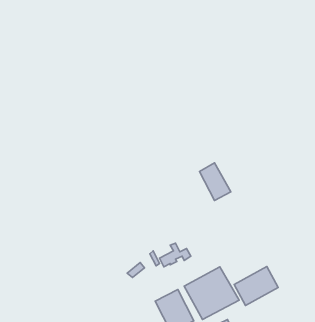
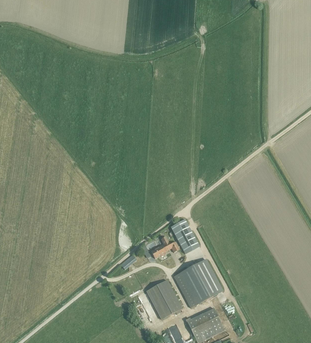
building: [199,163,231,200] -> [169,219,198,254]
building: [234,267,278,305] -> none

